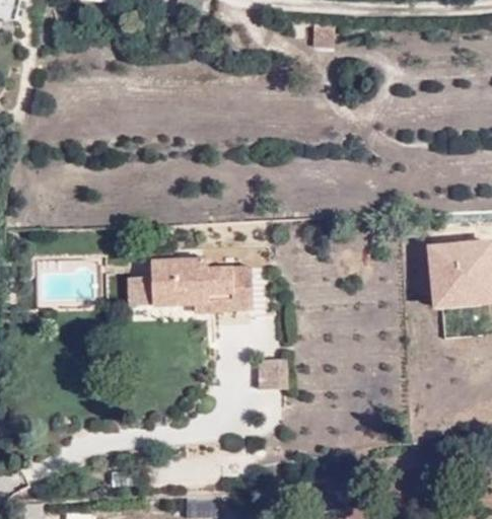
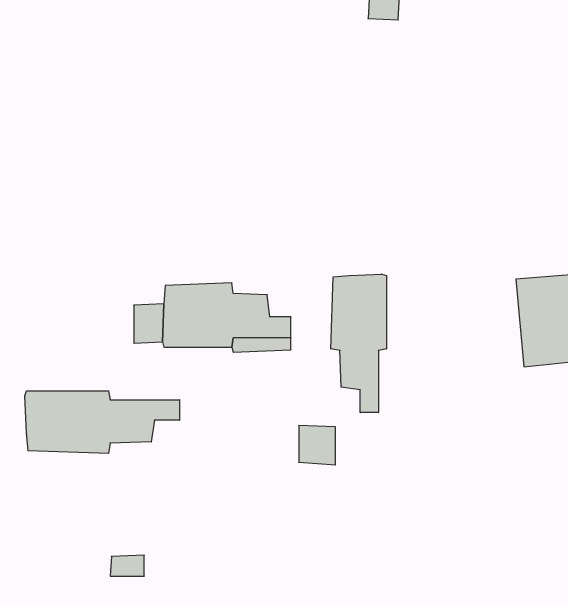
building: none -> [331,274,386,413]
building: none -> [25,391,180,453]

